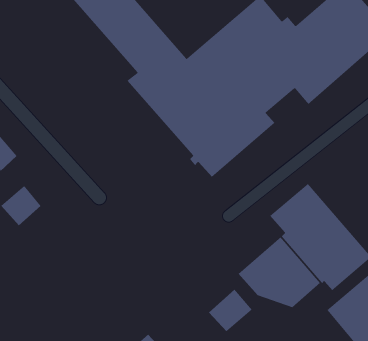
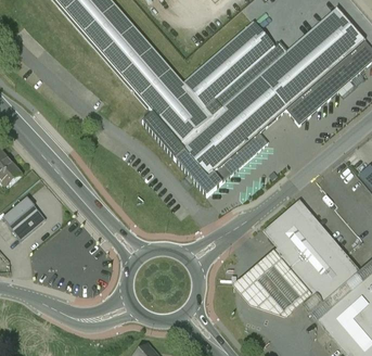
building: [208,289,253,332] -> none

